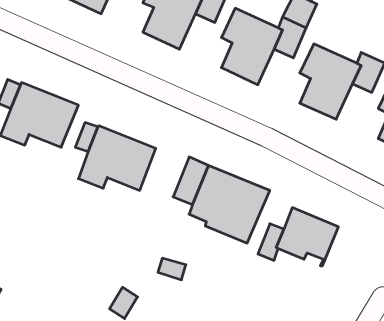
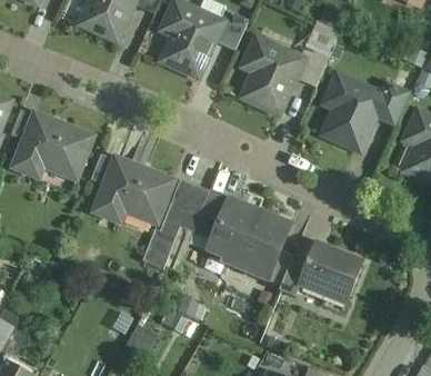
building: none -> [141,178,208,268]

